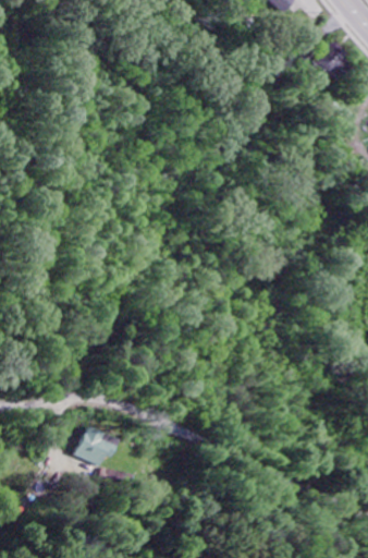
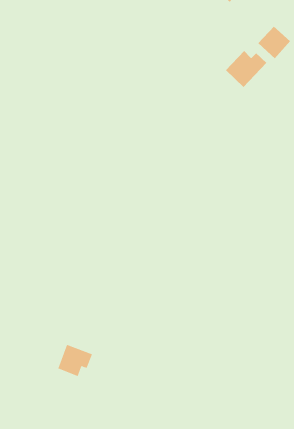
building: none -> [225,50,267,88]

